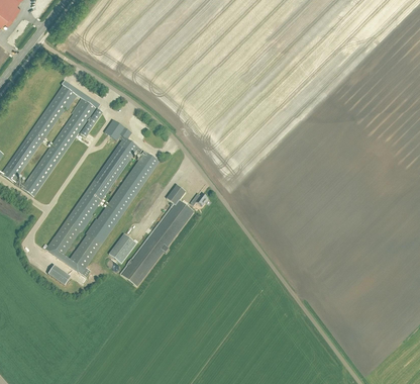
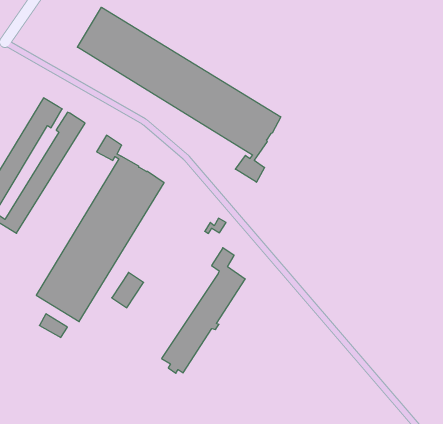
building: none -> [77,7,281,182]
building: [119,185,193,287] -> [162,248,245,373]

